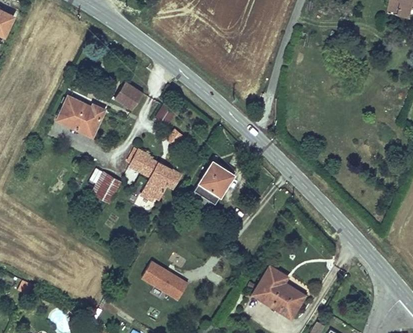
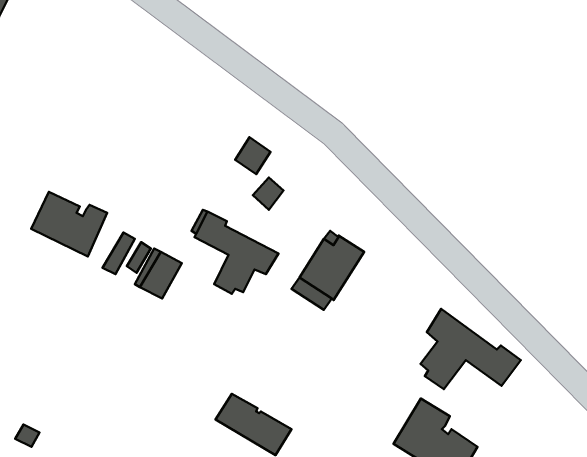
building: [114,82,142,109] -> none
building: [57,96,104,136] -> [31,192,107,256]
building: none -> [421,309,521,389]

